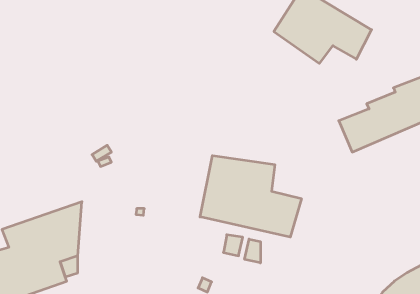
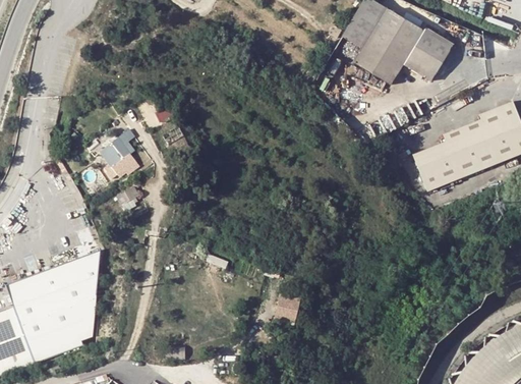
building: none -> [96,134,136,174]
building: [200,156,301,237] -> none
building: [245,239,260,263] -> none

